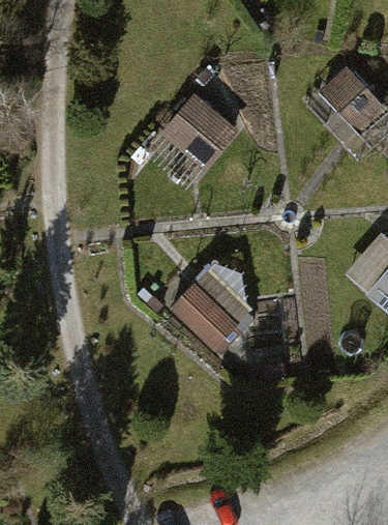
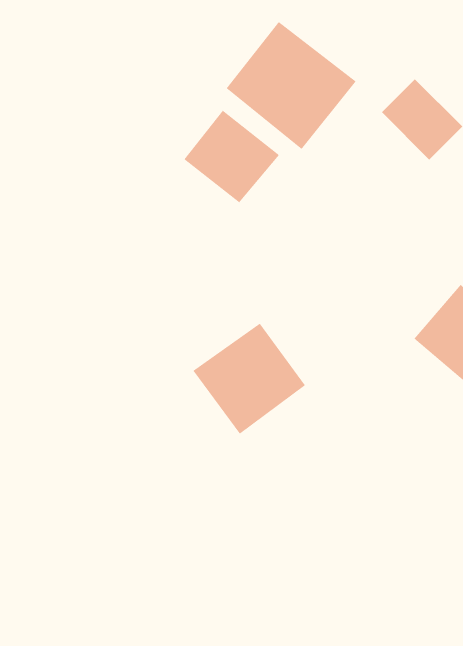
building: none -> [226,21,356,150]

